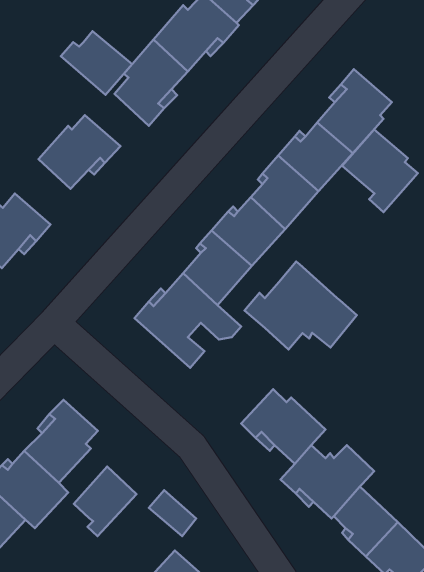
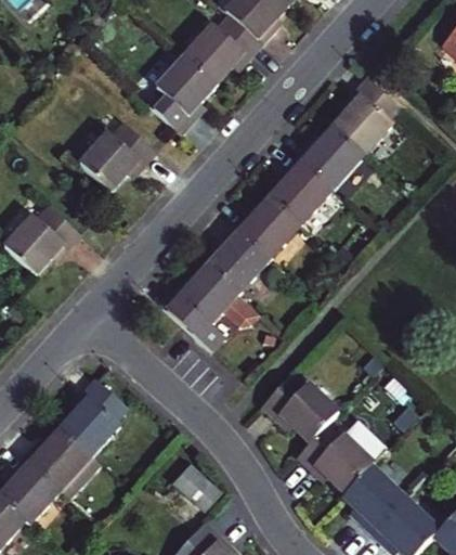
building: [61,31,132,95] -> none
building: [342,129,418,212] -> none
building: [245,262,357,349] -> none
building: [74,467,137,536] -> none

